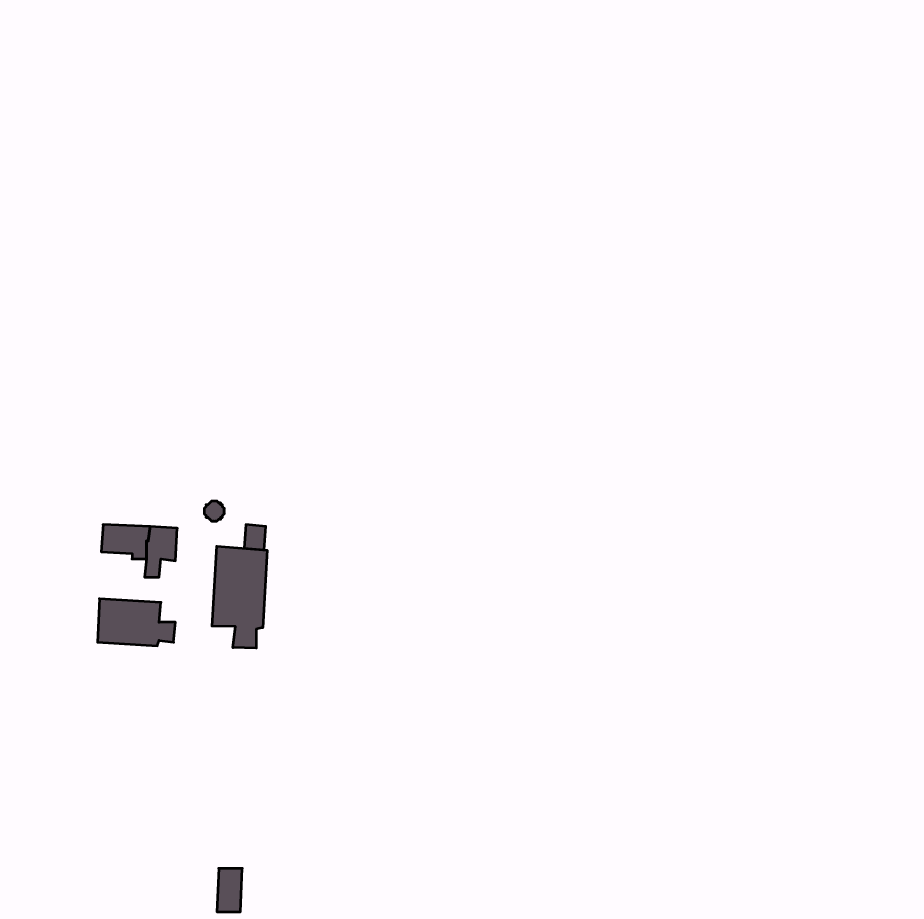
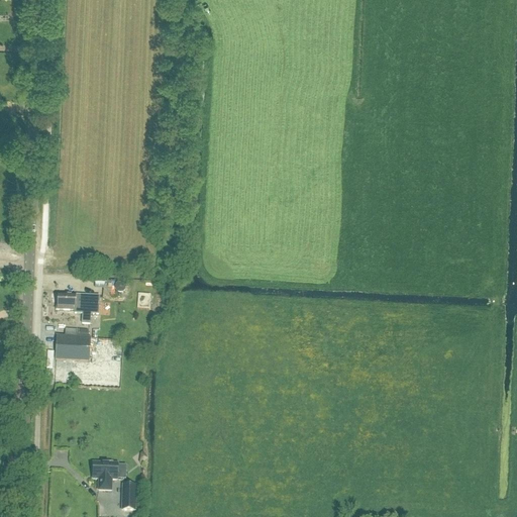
building: [212,546,267,648] -> none
building: none -> [92,460,117,490]

